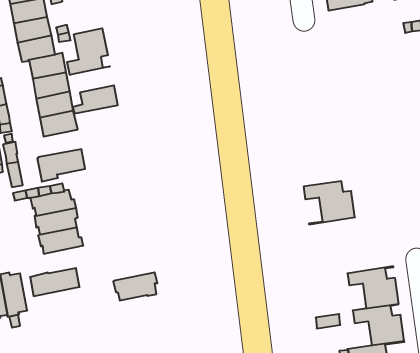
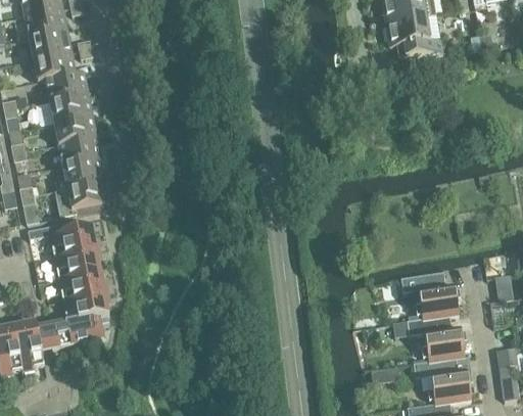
building: none -> [385,15,441,58]
building: [67,28,110,75] -> none
building: [73,85,118,113] -> [54,157,105,189]
building: [304,181,355,224] -> [400,272,459,321]
building: [113,272,157,300] -> [60,289,110,321]

